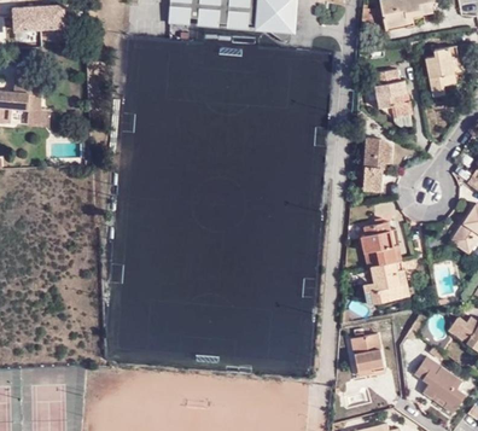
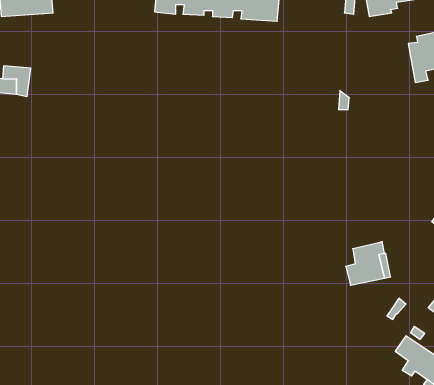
building: [377,68,414,116] -> none
building: [365,135,391,192] -> none
building: [361,222,401,267] -> none
building: [352,333,385,374] -> none

